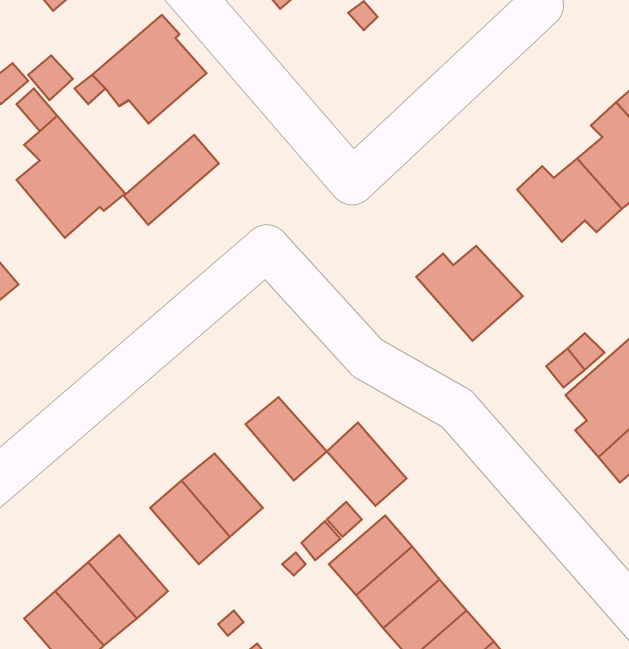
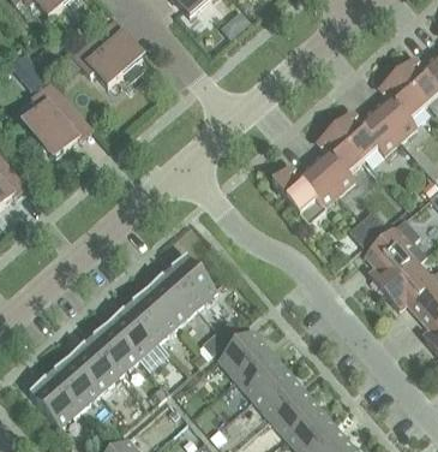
building: [124,135,219,225] -> none
building: none -> [308,127,361,194]
building: [327,422,406,506] -> [146,273,196,325]
building: none -> [88,325,137,376]

